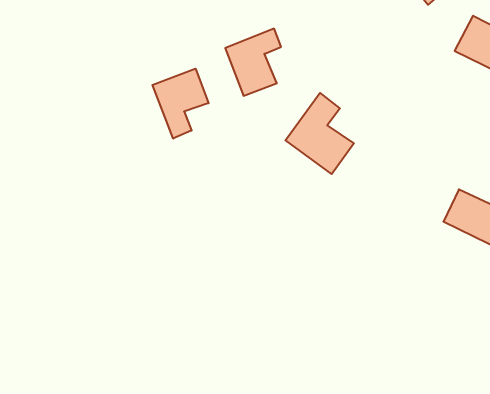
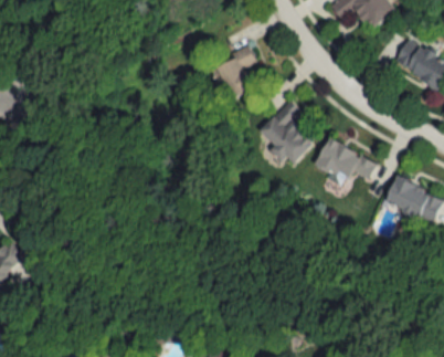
building: [152,69,209,139] -> none
building: none -> [314,138,376,181]

